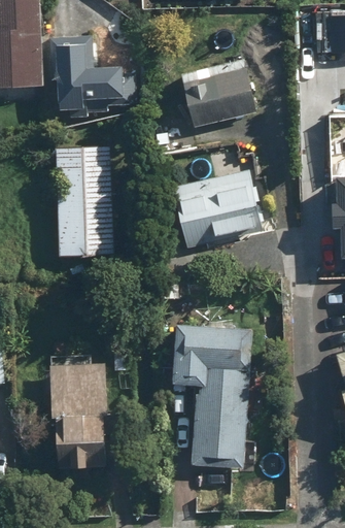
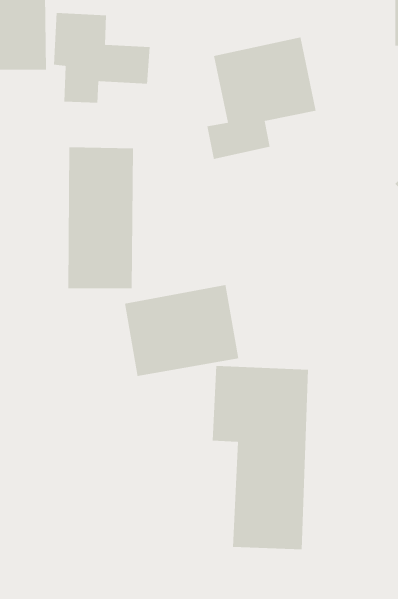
building: [168,170,261,244] -> [124,284,239,376]
building: [48,364,109,464] -> none

